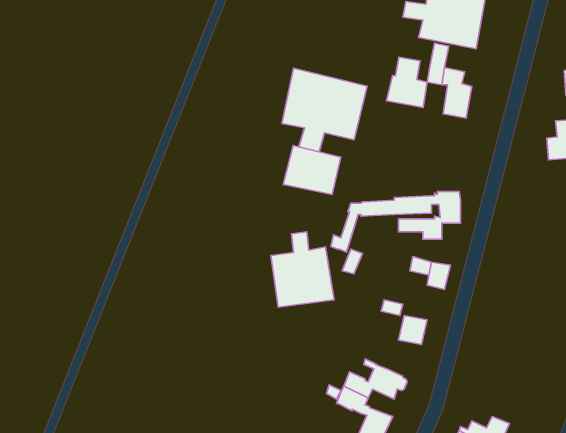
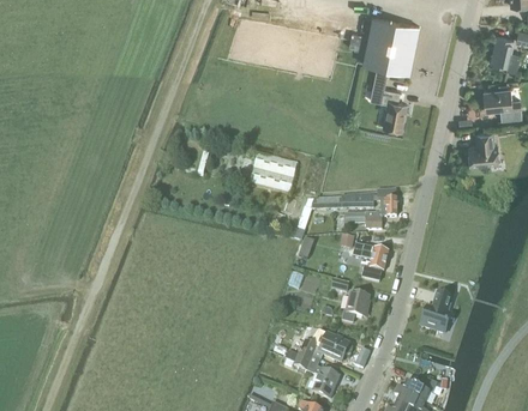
building: [387,57,427,107] -> none
building: [282,68,367,152] -> none
building: [271,232,334,307] -> none
building: none -> [420,291,452,332]

